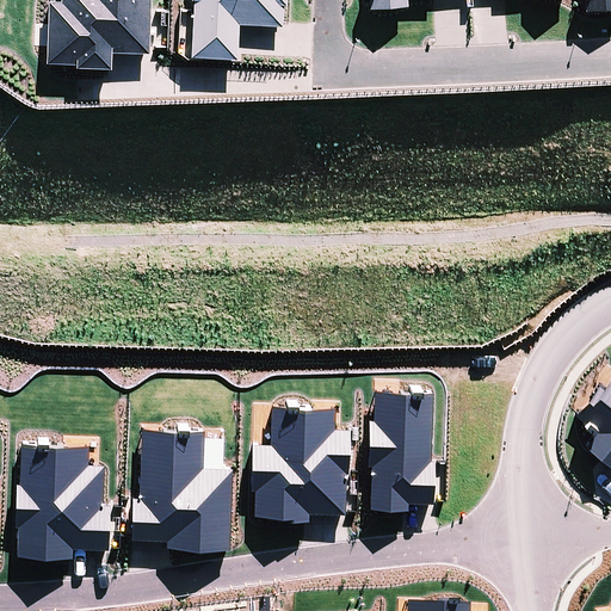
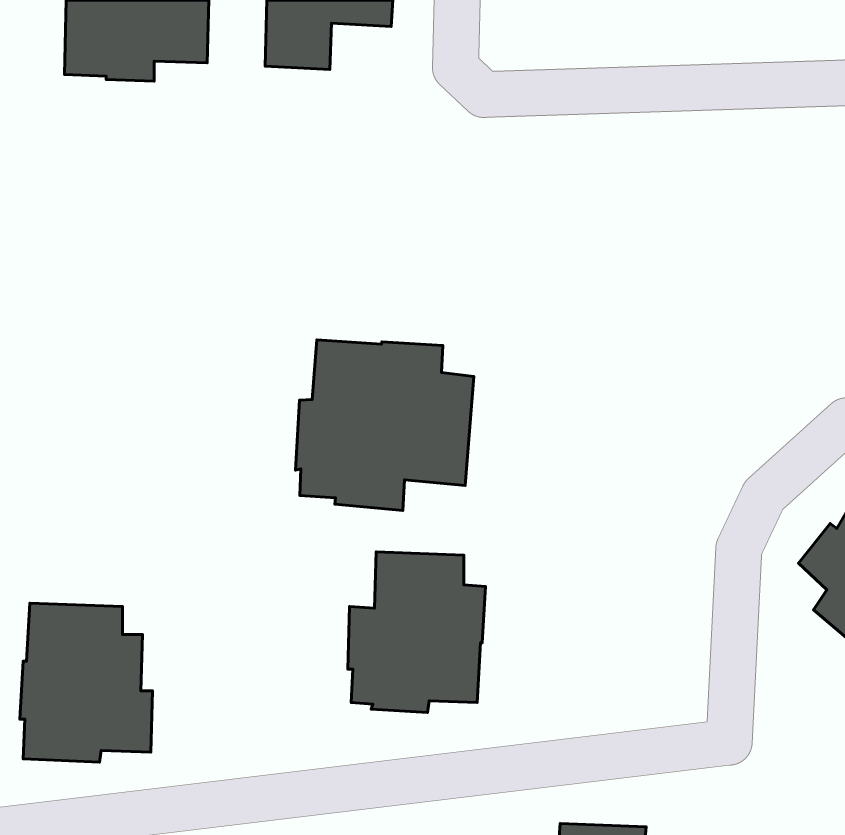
building: none -> [295,340,474,511]
building: [368,391,436,510] -> none
building: [131,428,233,549] -> none

